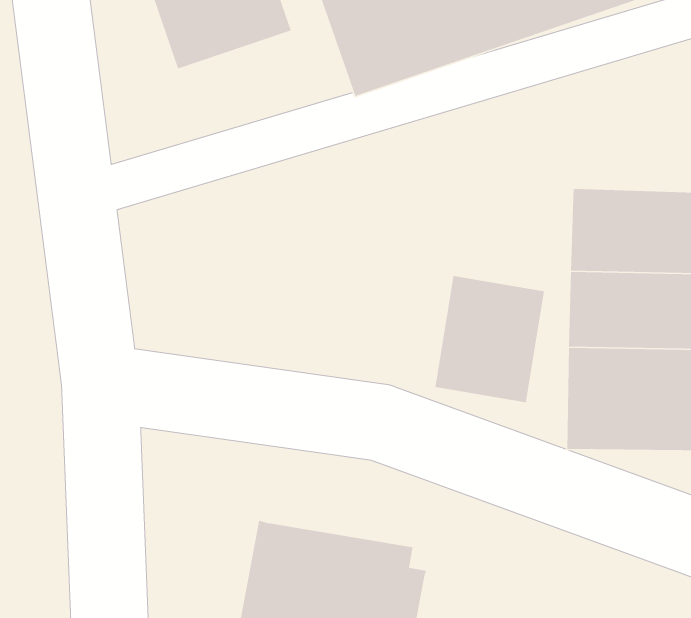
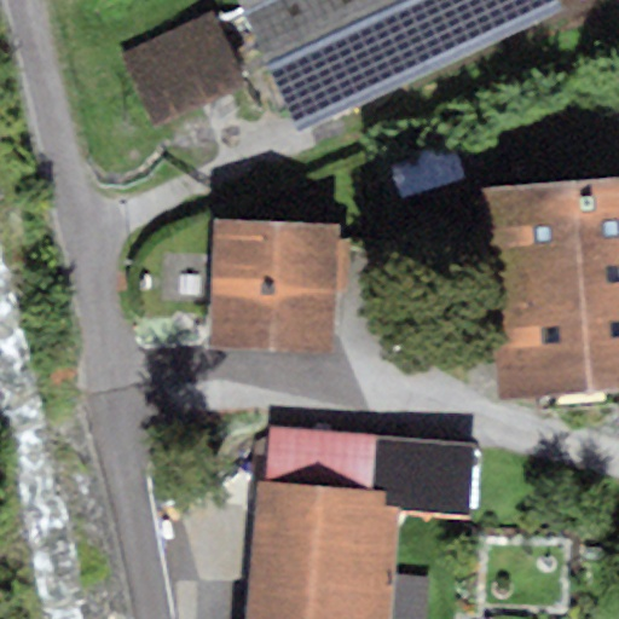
building: none -> [210,219,340,351]
building: [435,275,545,403] -> none
building: none -> [266,427,480,520]

